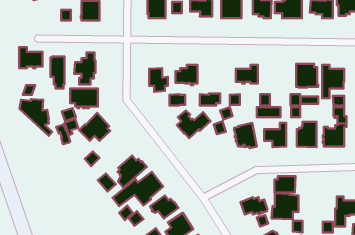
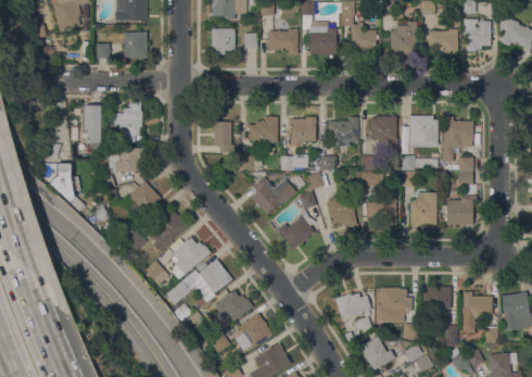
building: [19,47,43,68] -> none
building: none -> [291,116,316,146]
building: none -> [370,116,398,150]
building: none -> [151,208,188,251]
building: none -> [278,213,316,249]
building: [274,176,296,193] -> [423,287,452,309]

